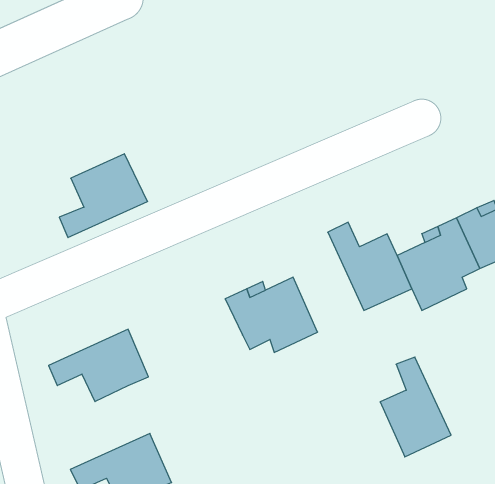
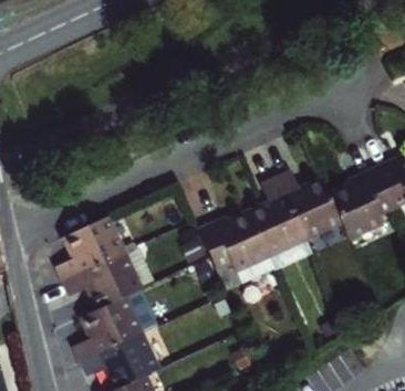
building: [59,154,148,238] -> [55,216,123,281]
building: [380,357,451,457] -> [249,179,303,255]
building: none -> [73,296,139,360]

